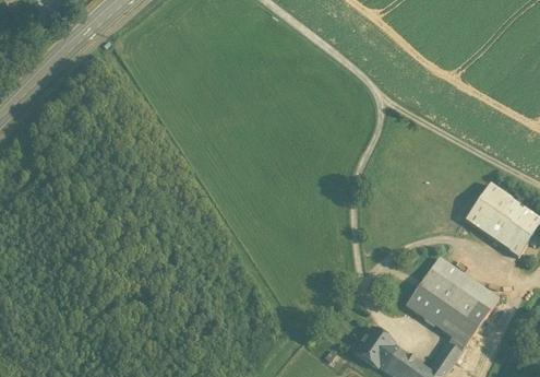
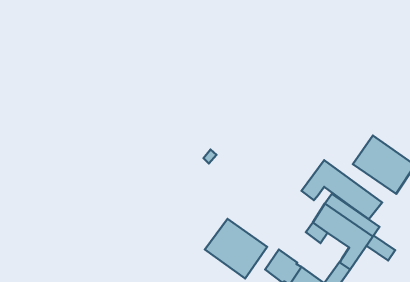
building: none -> [301,160,382,219]
building: none -> [205,219,267,278]
building: [425,306,461,338] -> [366,235,395,261]

